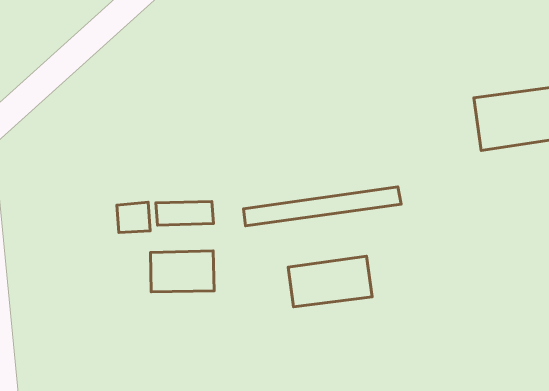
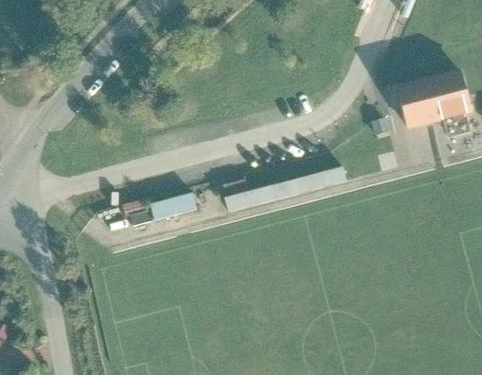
building: [150,251,214,292] -> none
building: [288,256,372,307] -> none

